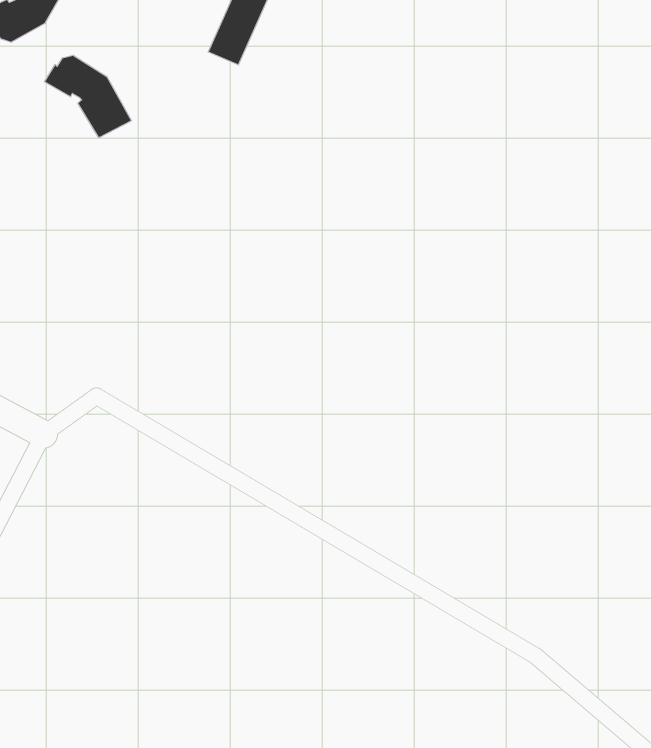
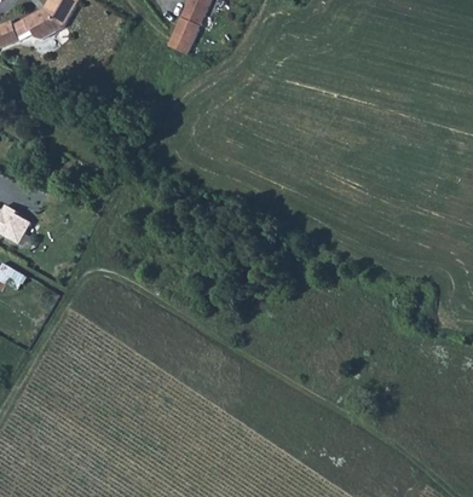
building: [45,55,131,138] -> none

